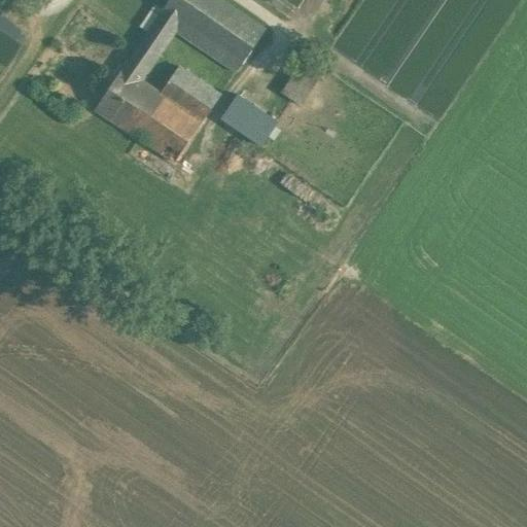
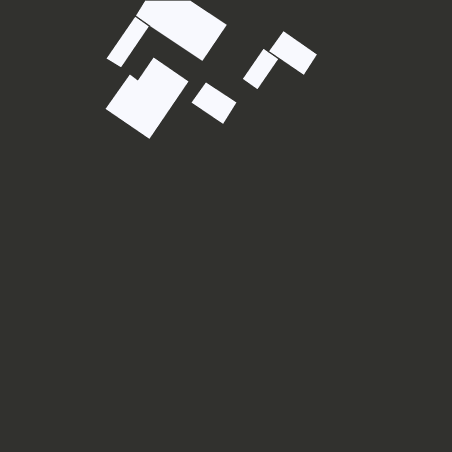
building: none -> [268,30,318,76]
building: [95,68,150,127] -> none

